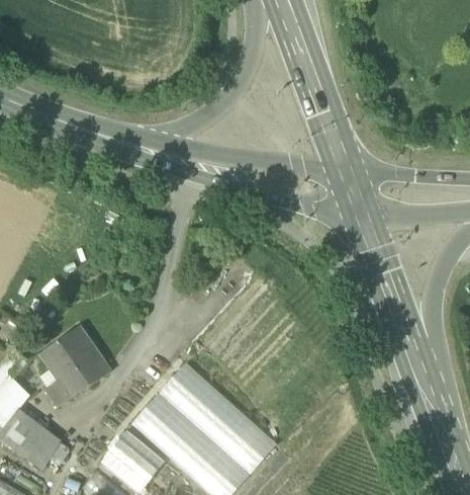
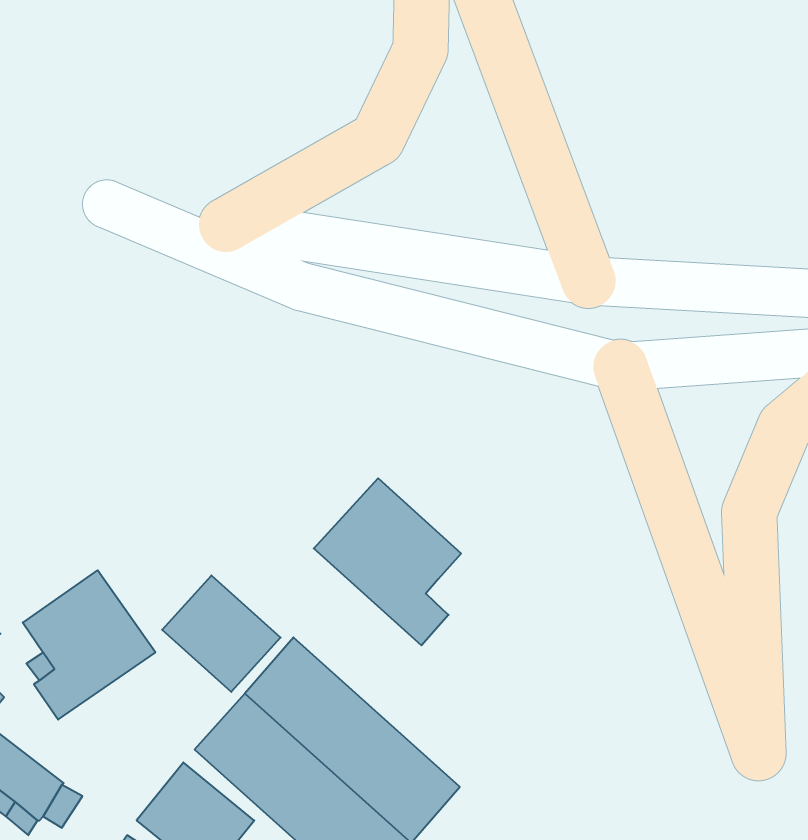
building: none -> [314,478,461,645]
building: none -> [162,575,281,692]

